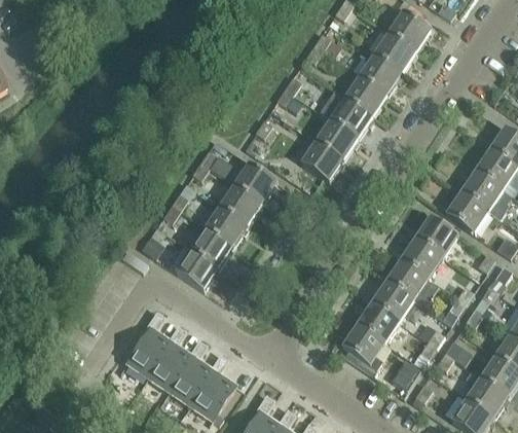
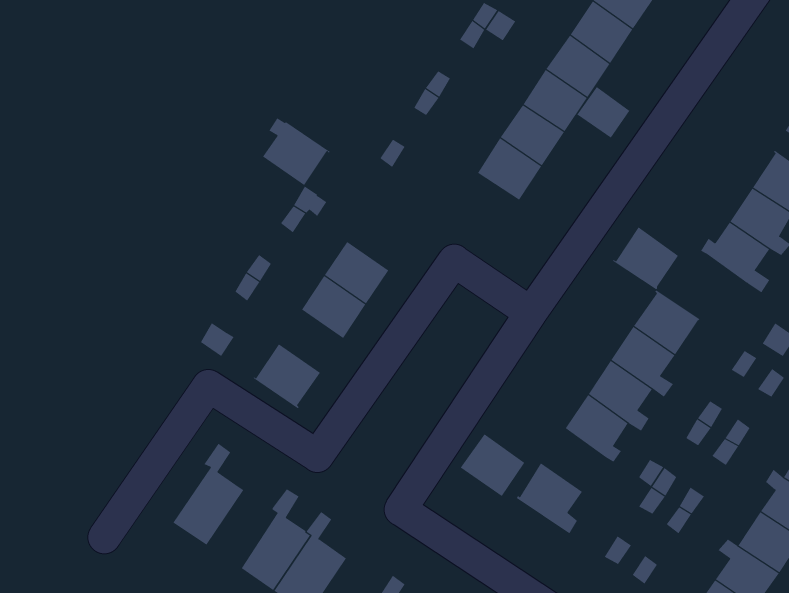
building: none -> [577,86,630,139]
building: [301,141,343,181] -> none
building: [234,159,278,203] -> [262,118,330,186]
building: [445,192,487,232] -> [612,227,679,290]
building: [191,227,232,267] -> none
building: [357,302,398,342] -> [460,433,525,497]
building: [146,326,190,391] -> none

